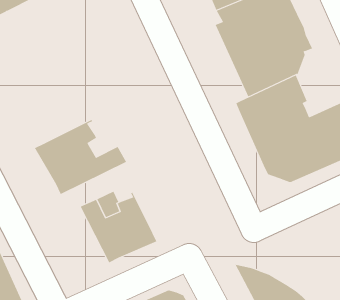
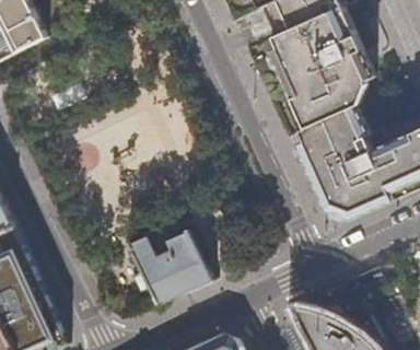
building: [34,119,127,195] -> none

